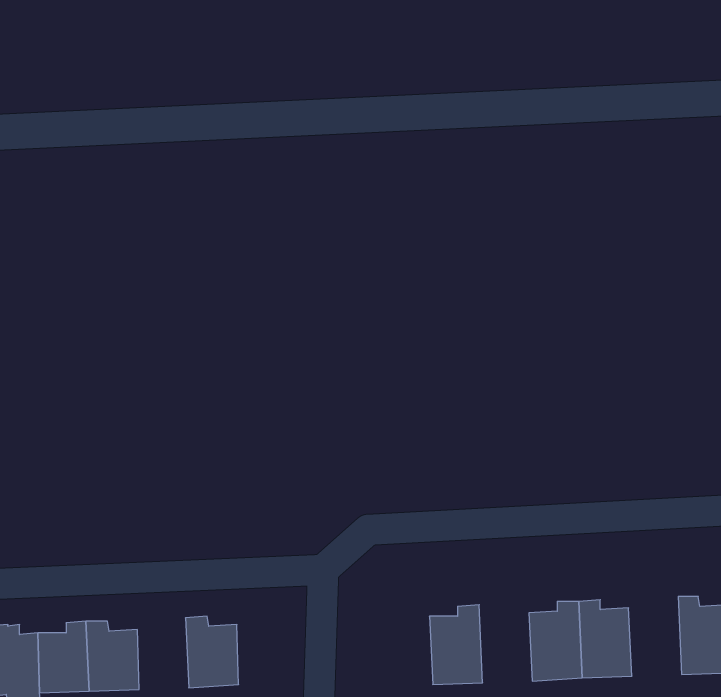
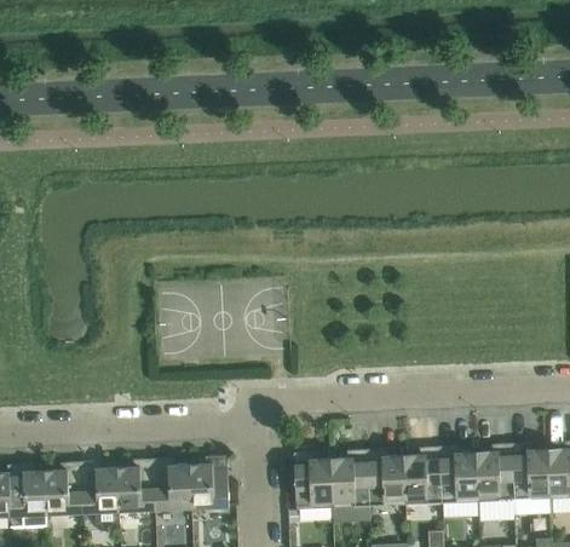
building: none -> [477,444,516,502]
building: none -> [368,450,407,507]
building: none -> [294,453,334,509]
building: none -> [191,456,230,508]
building: none -> [119,460,156,512]

